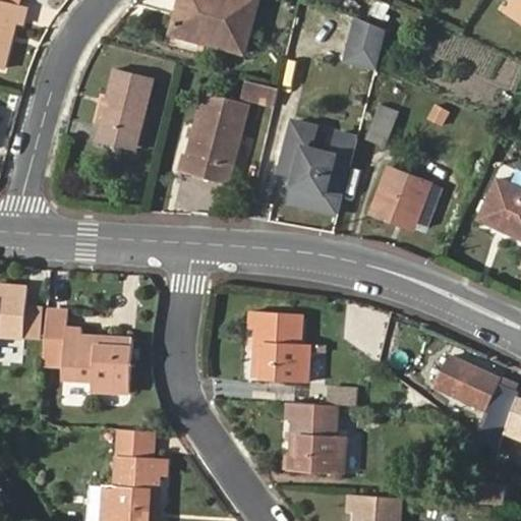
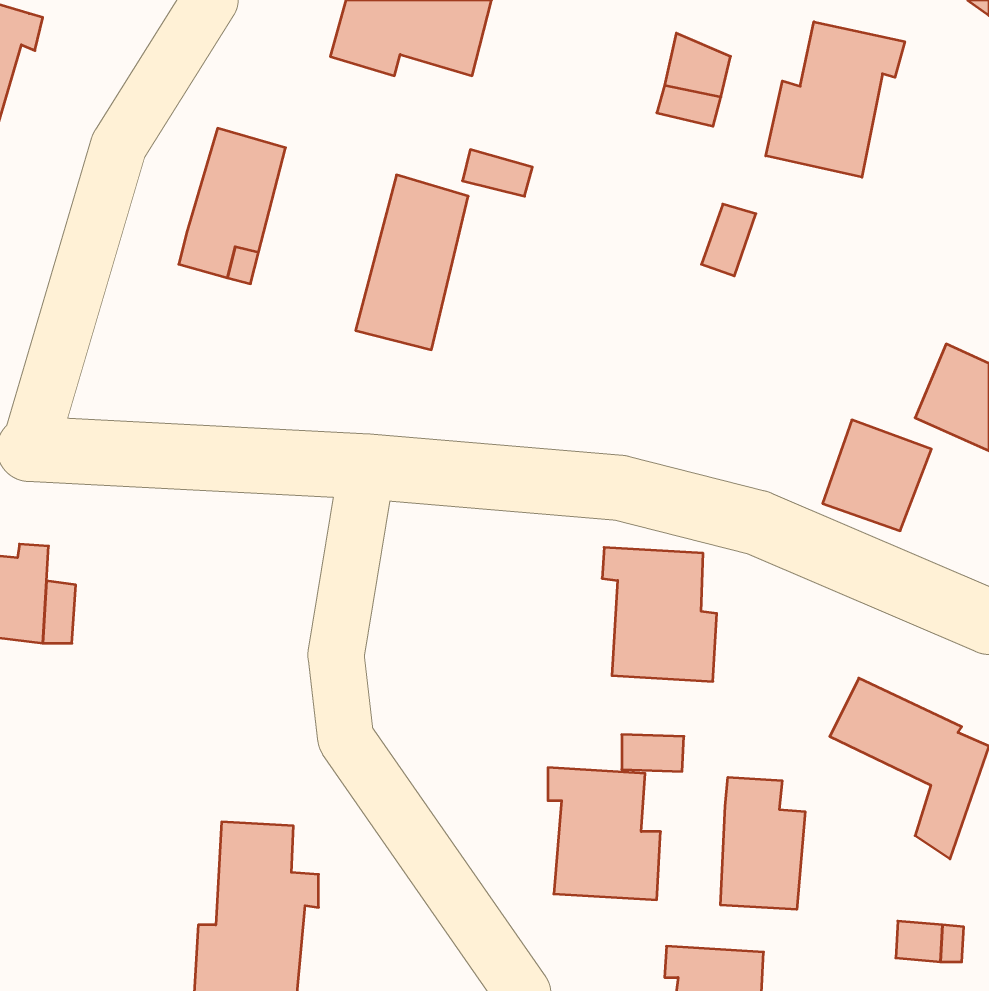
building: none -> [766,22,905,177]
building: [280,122,356,215] -> none
building: [372,169,429,227] -> [823,420,931,531]
building: [43,310,131,393] -> none
building: [249,311,309,382] -> [602,547,717,681]
building: none -> [721,777,805,909]

